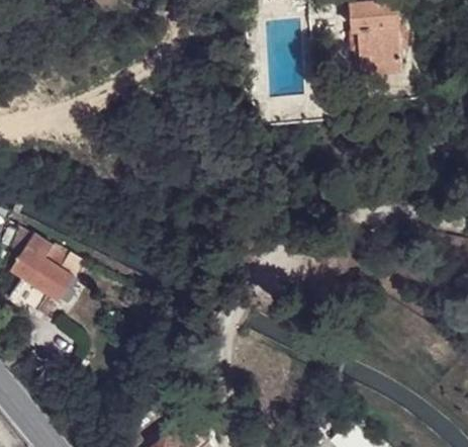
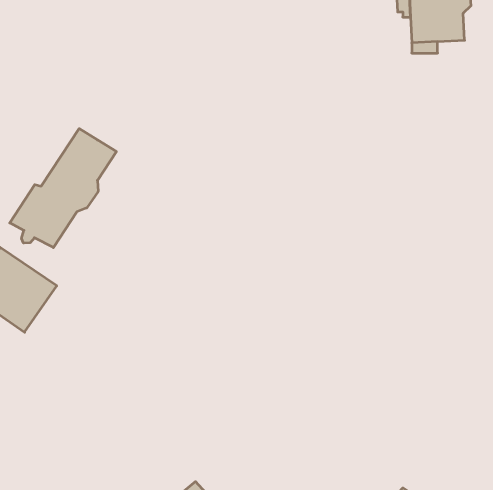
building: none -> [10,129,116,248]

